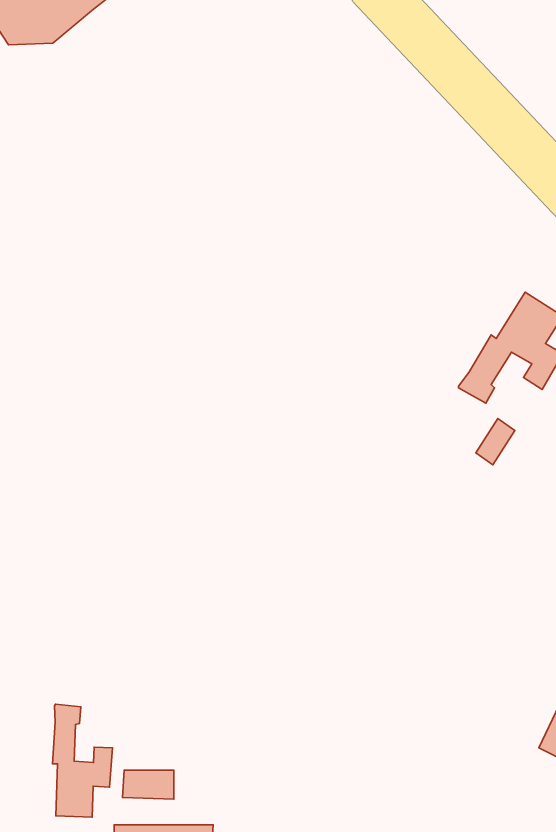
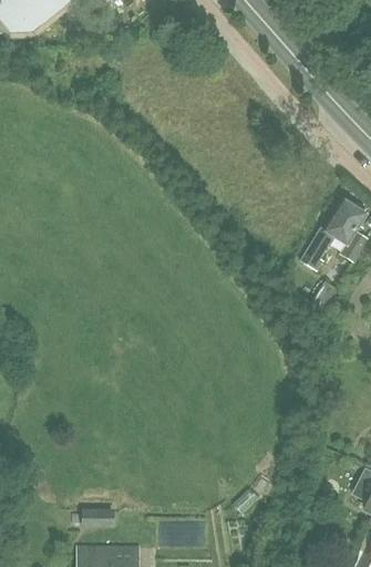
building: [53,704,112,817] -> none

